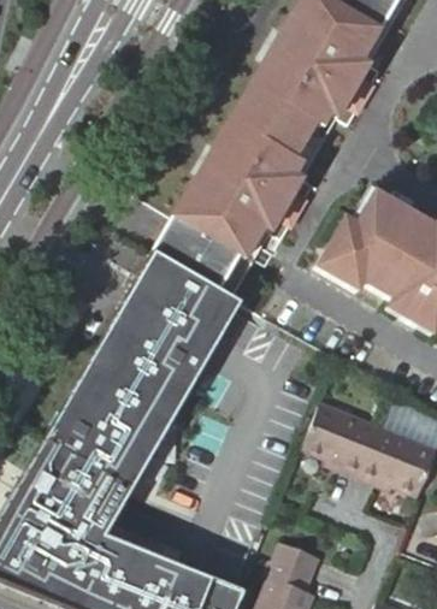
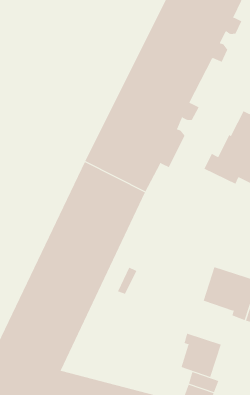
building: none -> [181,333,222,378]

